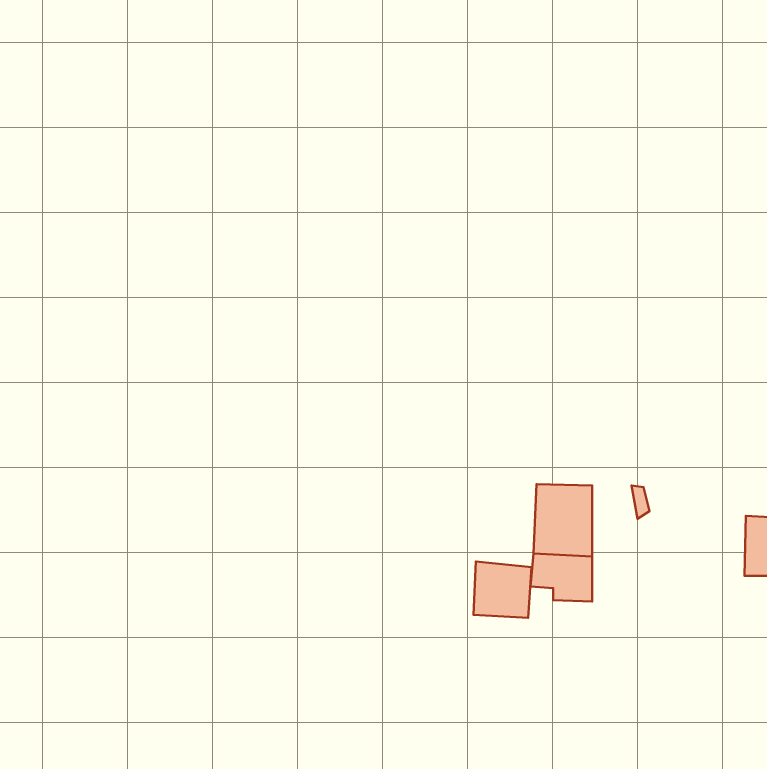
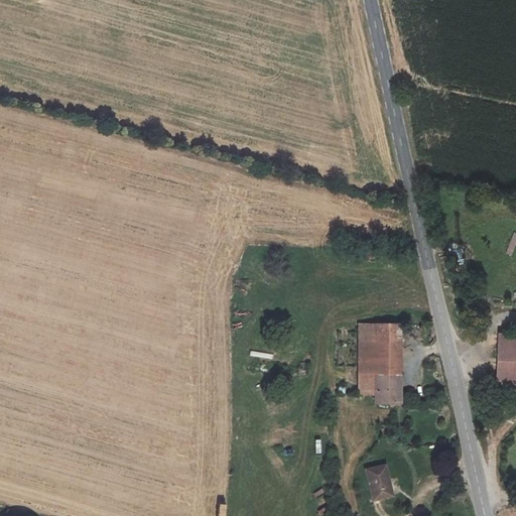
building: [474,562,531,618] -> none
building: none -> [365,462,394,498]

